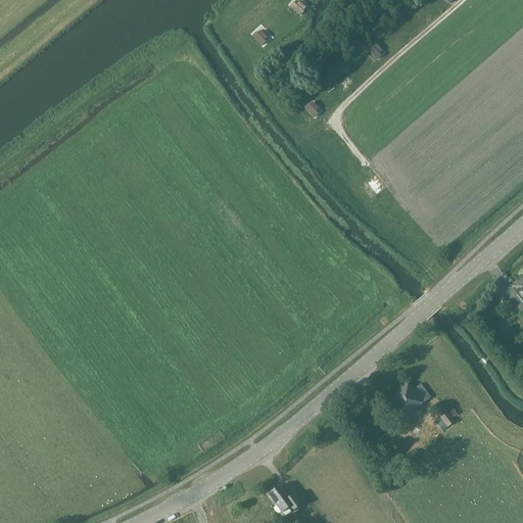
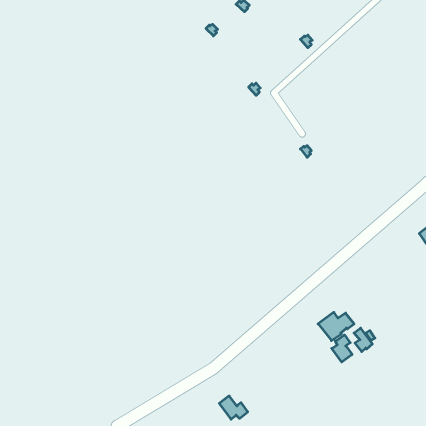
building: none -> [332,335,352,362]

